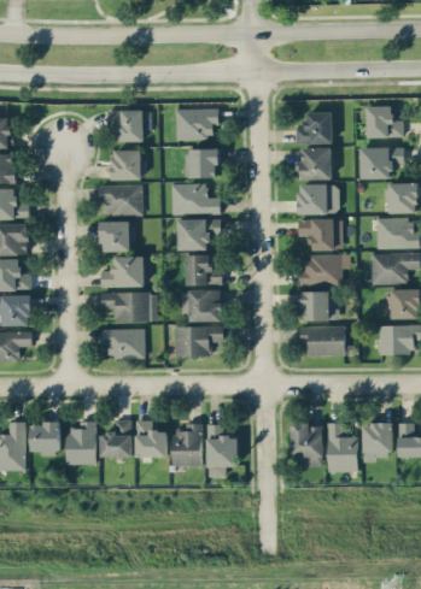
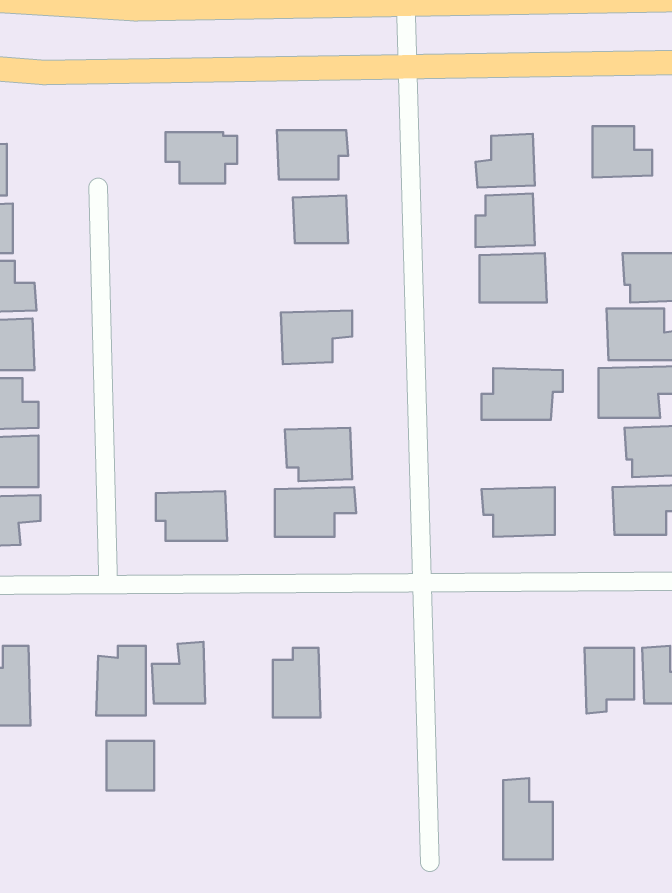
building: [359,146,403,178] -> none
building: [111,149,142,179] -> none
building: [170,183,220,214] -> none
building: [99,184,142,214] -> none
building: [298,218,341,251] -> none
building: [100,220,133,252] -> none
building: [186,254,222,284] -> none
building: [100,255,144,287] -> none
building: [300,290,338,320] -> none
building: [101,291,157,320] -> none
building: [135,419,166,457] -> none
building: [327,422,357,471] -> [503,778,553,859]
building: [30,423,59,453] -> [107,741,154,790]
building: [206,424,236,477] -> none
building: [291,424,322,465] -> none

